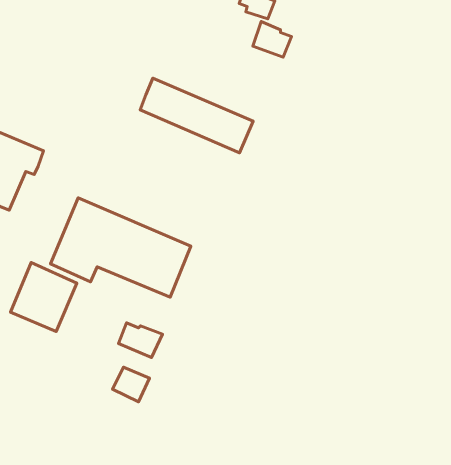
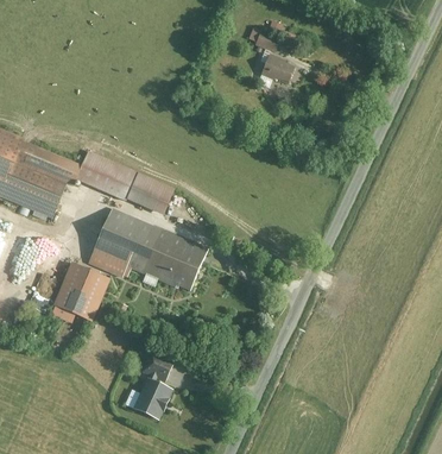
building: [140,78,253,153] -> [76,151,173,215]
building: [119,323,162,358] -> none
building: none -> [132,378,171,420]

